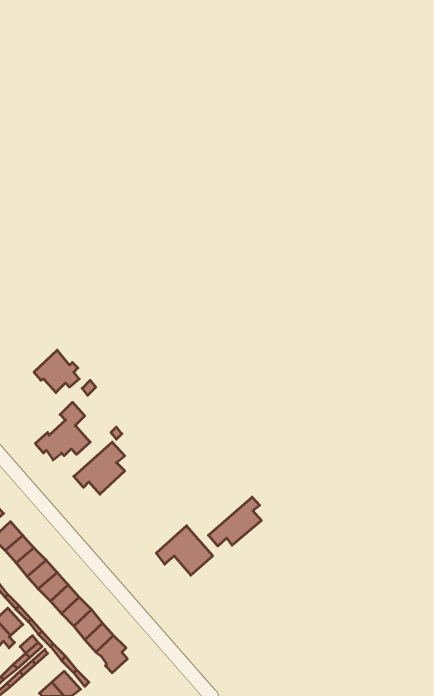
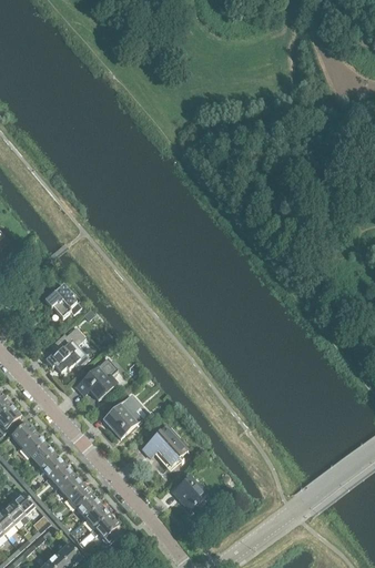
building: none -> [101,394,142,438]
building: [208,497,261,546] -> none
building: none -> [172,475,205,508]

